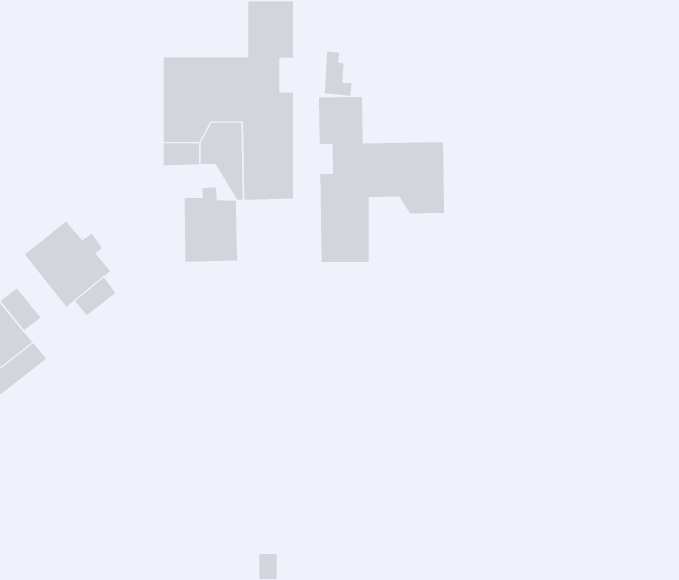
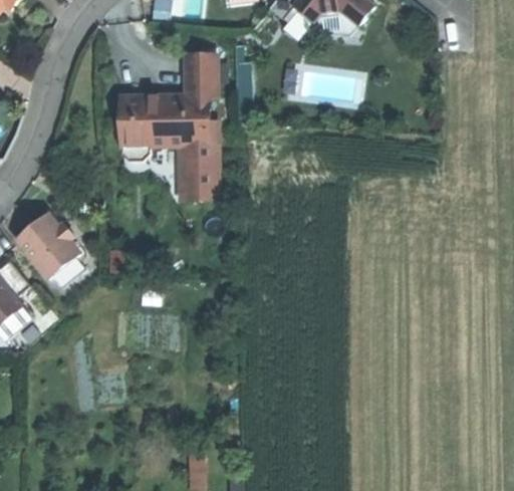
building: [318,96,445,263] -> none
building: [184,186,238,263] -> none

